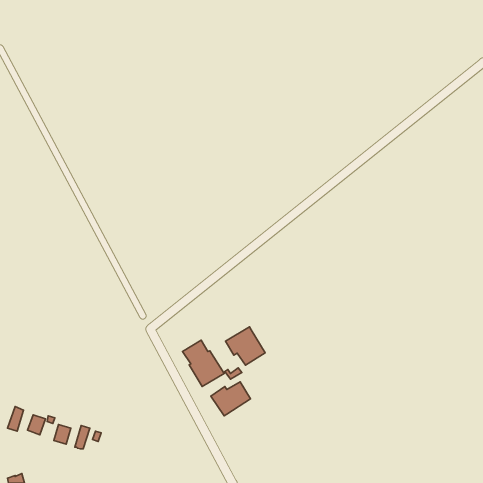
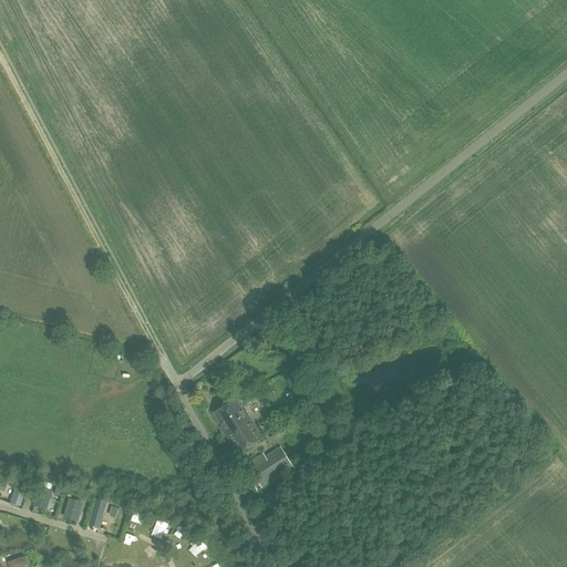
building: [225,327,265,365] -> none

